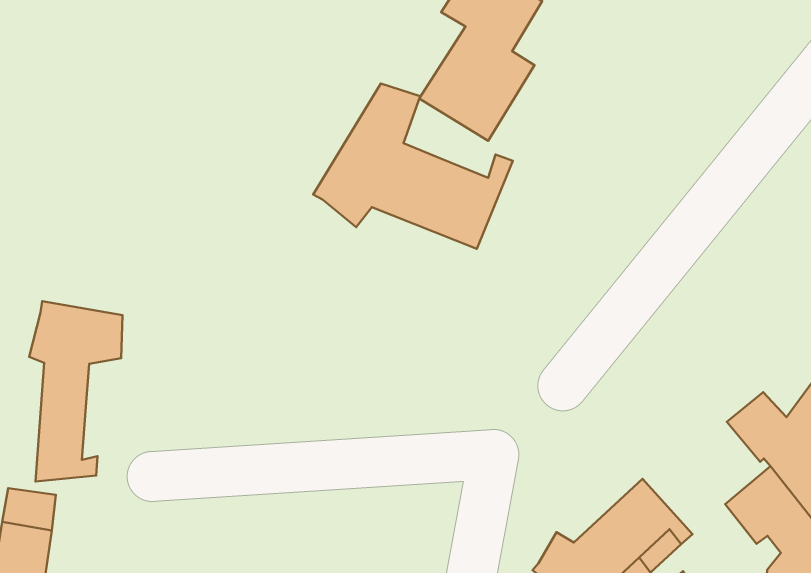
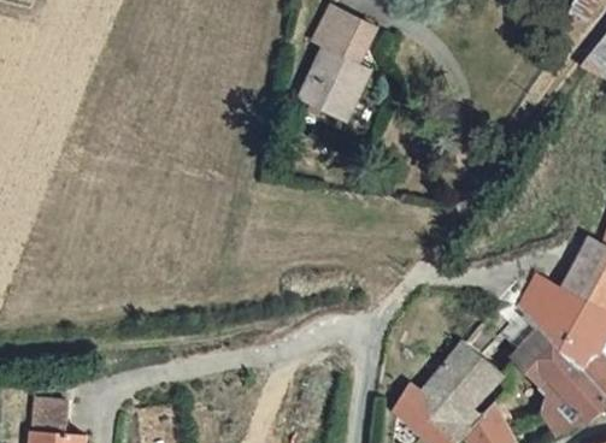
building: [313,84,513,249] -> none
building: [29,301,122,481] -> none

